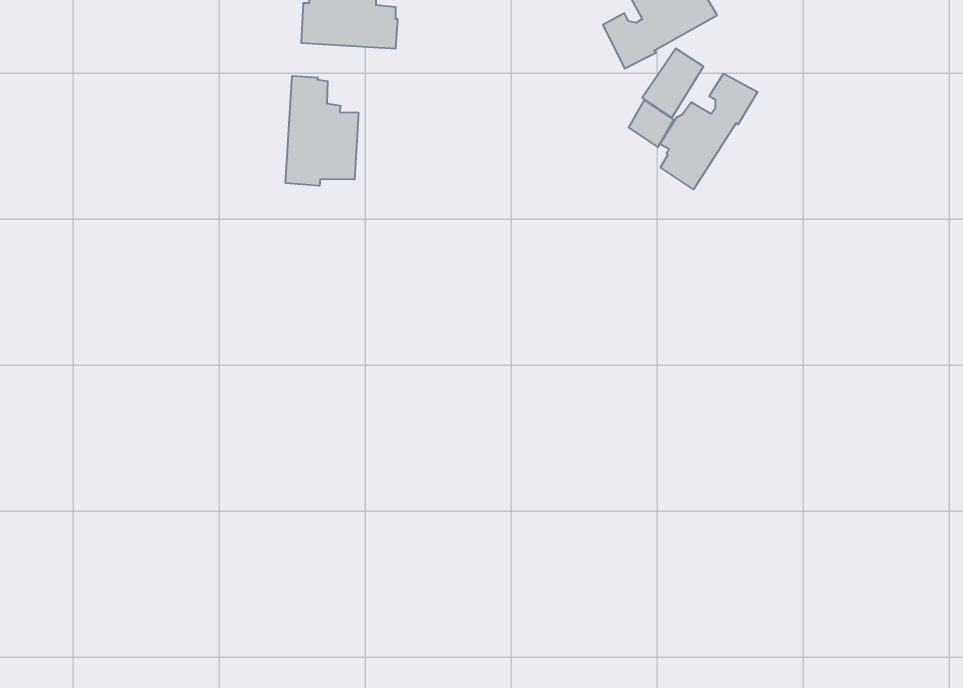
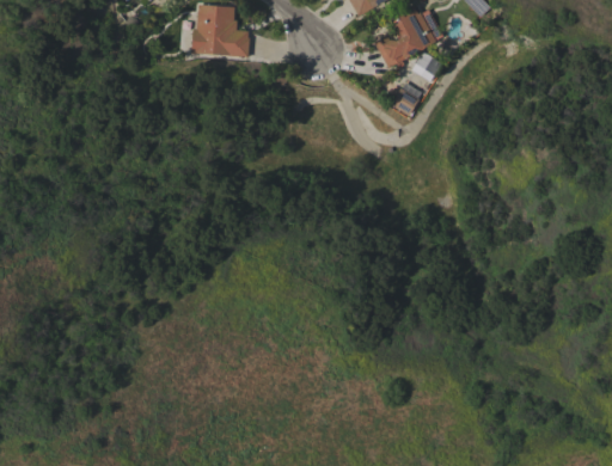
building: [660,74,757,189] -> none
building: [285,76,358,186] -> none

